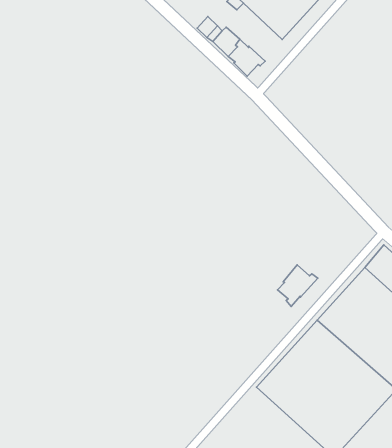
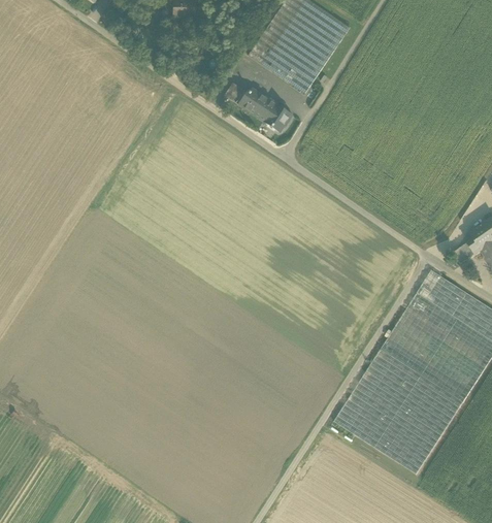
building: [277,265,318,306] -> none

